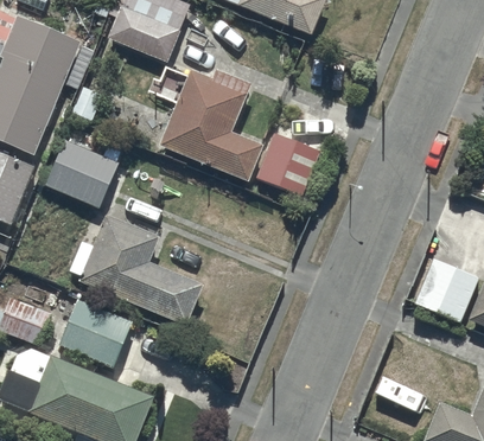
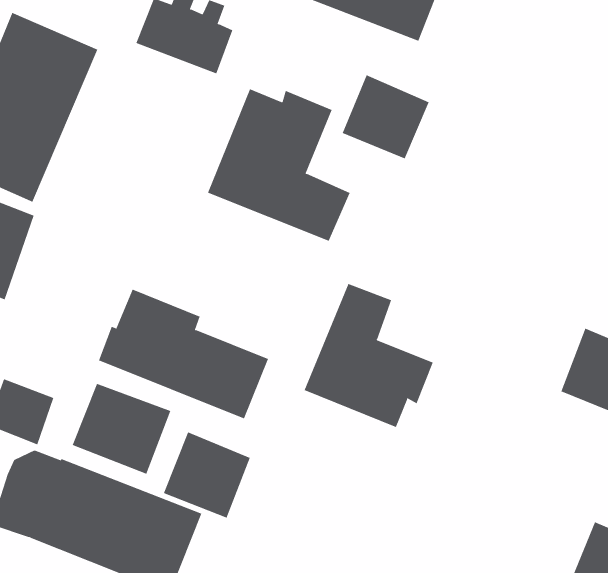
building: [44,130,117,217] -> none
building: [254,142,318,204] -> [342,75,430,159]
building: none -> [304,283,434,428]
building: none -> [163,431,251,518]

